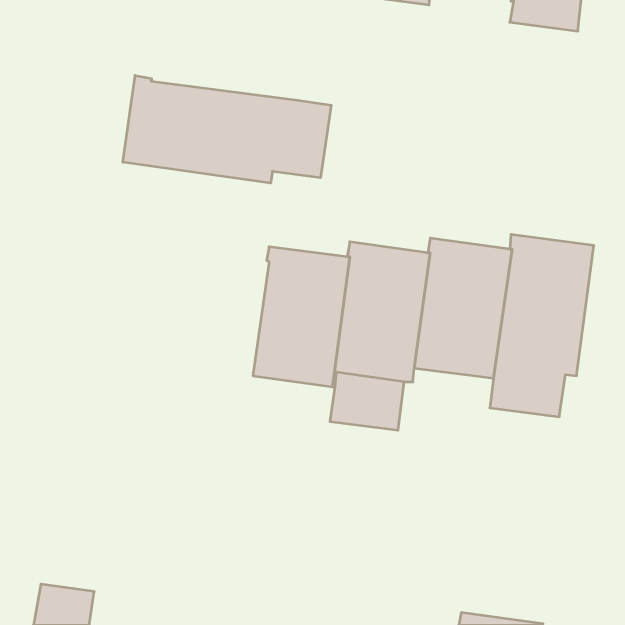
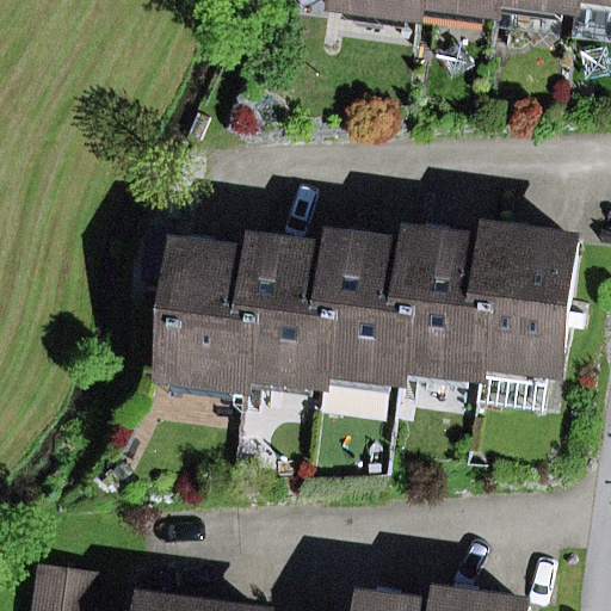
building: [123,75,331,183] -> none
building: none -> [163,241,259,376]

